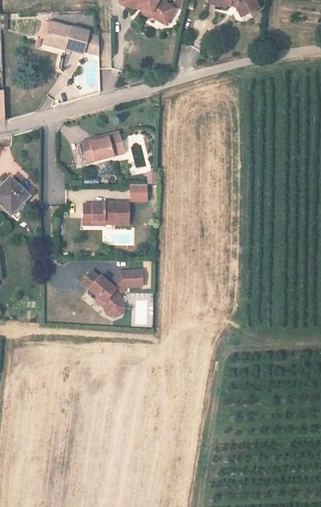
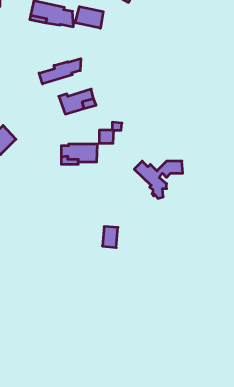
building: none -> [75,7,103,28]
building: none -> [39,59,81,84]
building: [82,272,142,318] -> [134,161,183,198]

